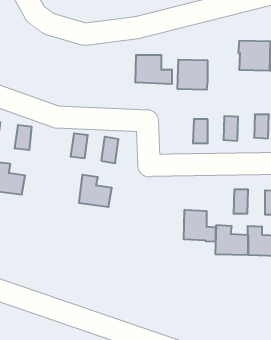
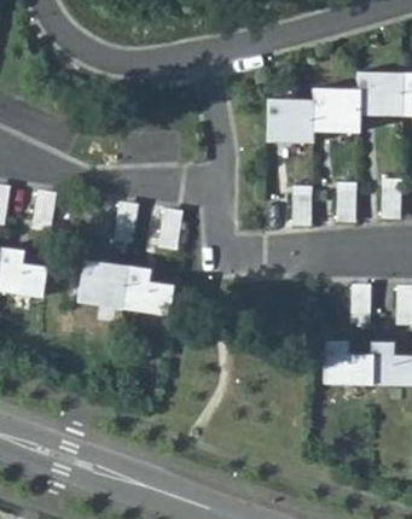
building: none -> [312,88,359,132]
building: [135,55,172,84] -> none
building: none -> [77,261,128,308]
building: [184,210,216,242] -> none

